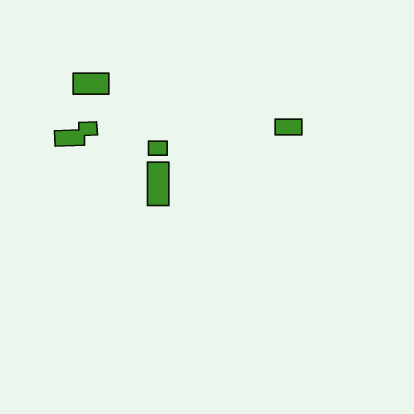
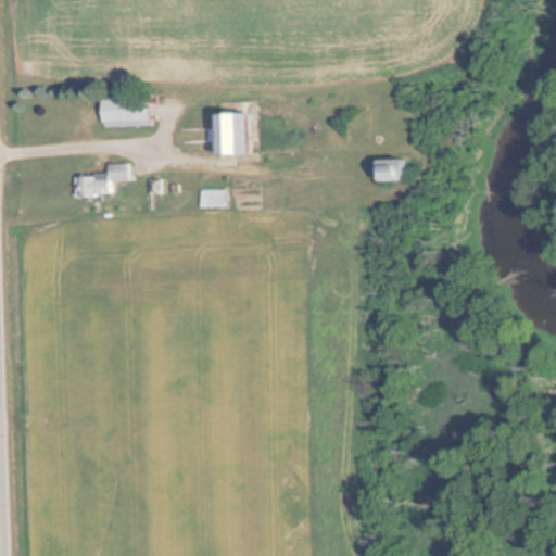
building: none -> [212,112,249,153]
building: [147,162,169,206] -> none

